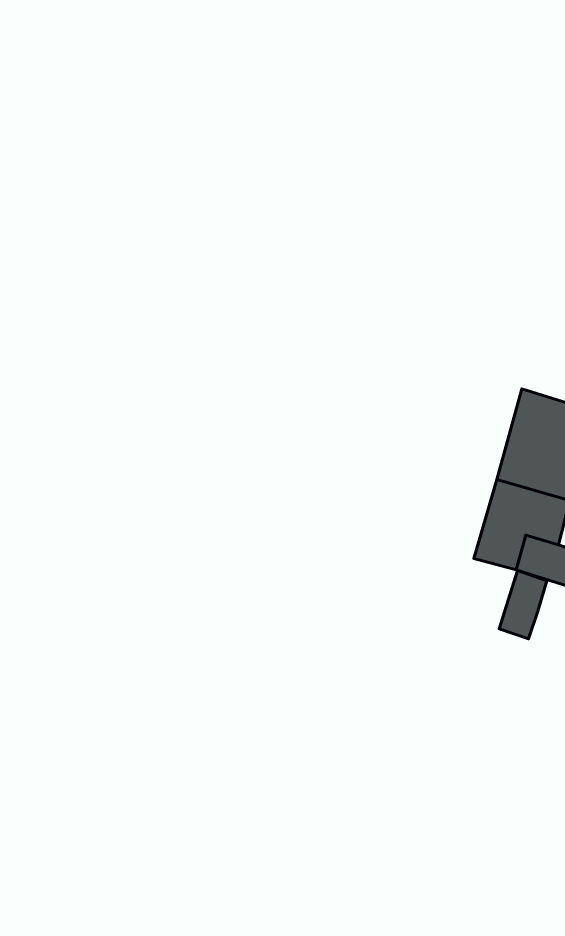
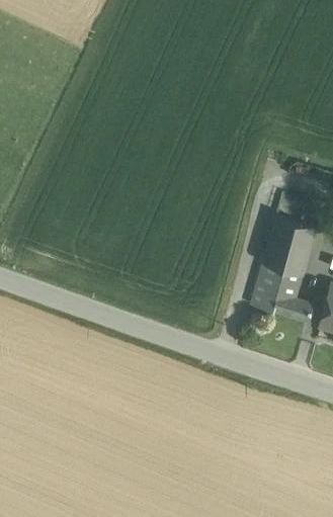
building: [499,570,547,639] -> none

